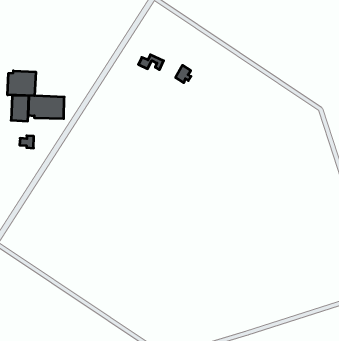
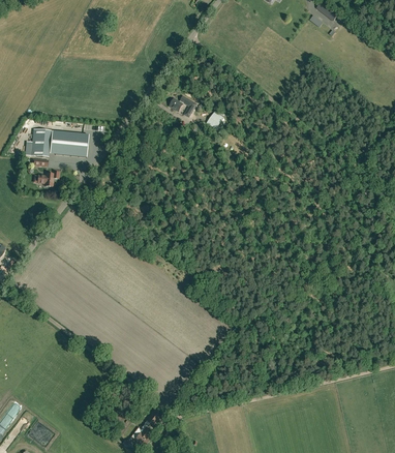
building: [8,71,36,96] -> none

